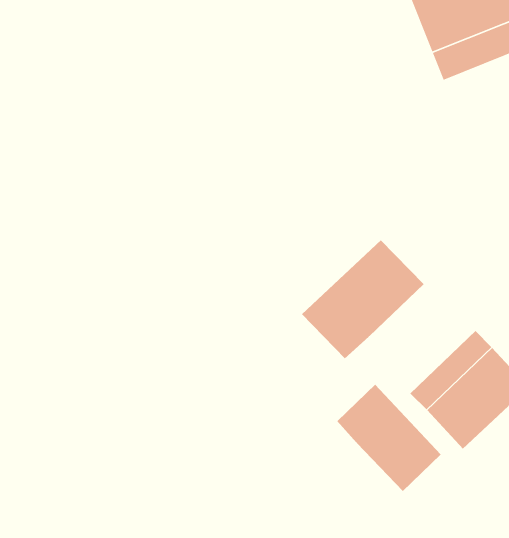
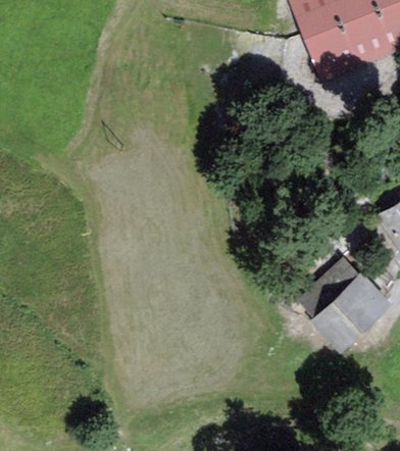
building: [301,239,424,359] -> none
building: [336,384,442,492] -> none

